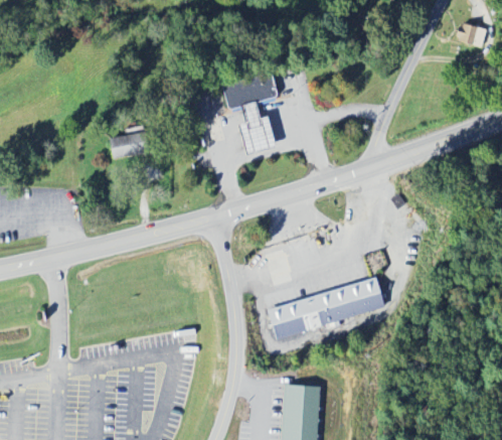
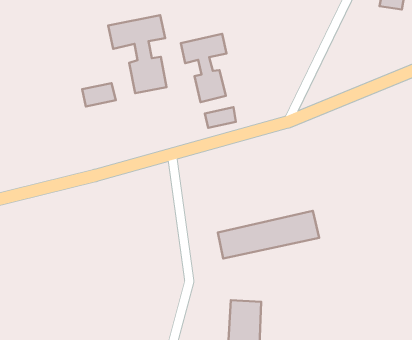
building: none -> [108,15,167,93]
building: none -> [205,107,236,128]

